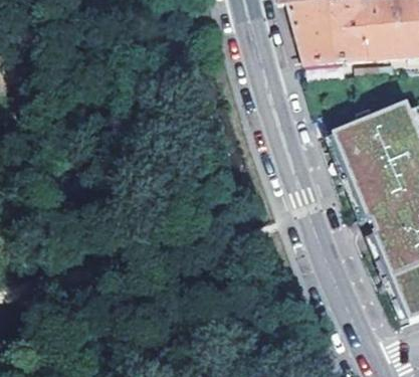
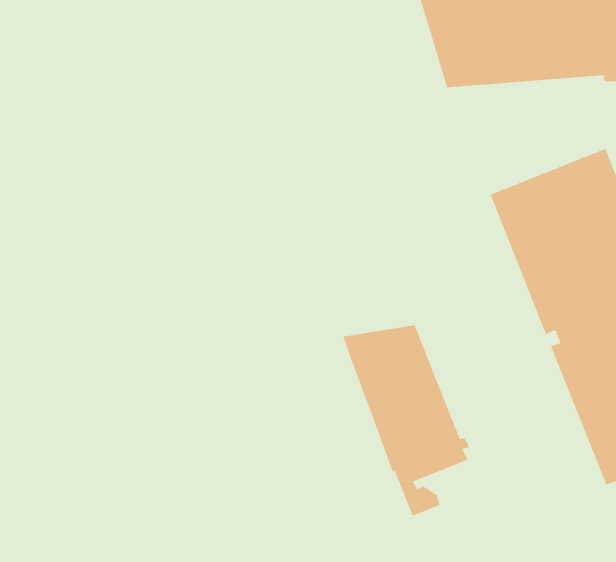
building: none -> [343,325,470,516]

